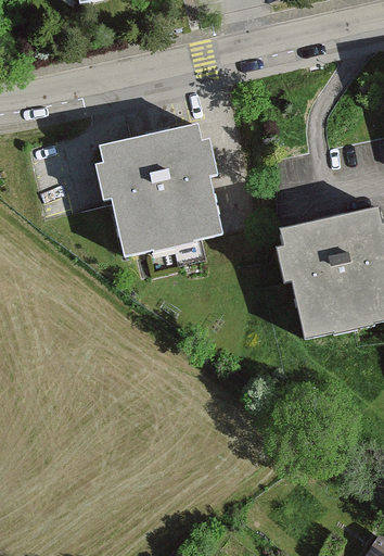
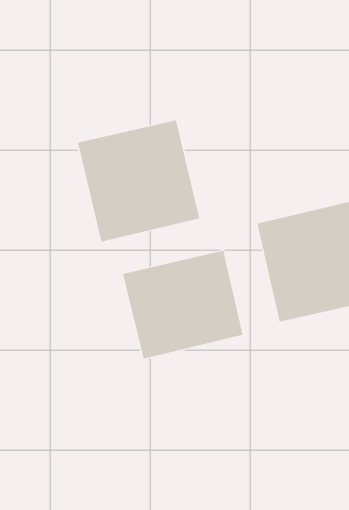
building: none -> [122,250,243,359]

